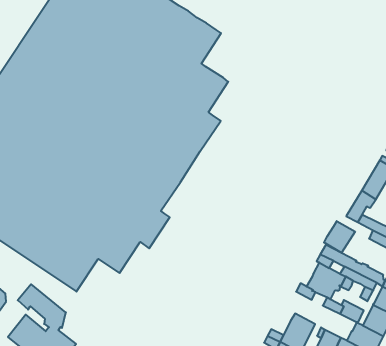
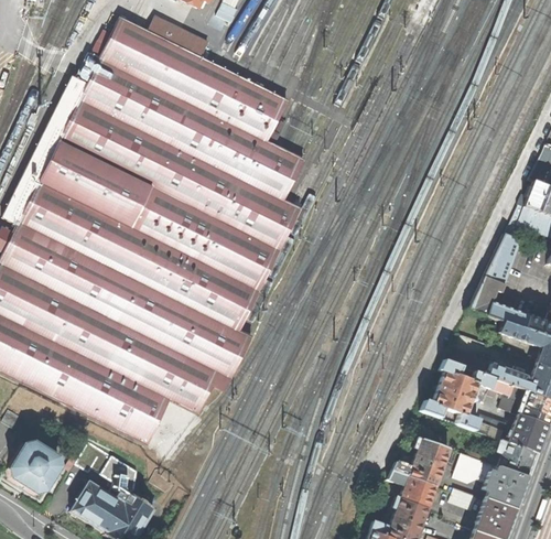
building: [324,221,355,253] -> none

